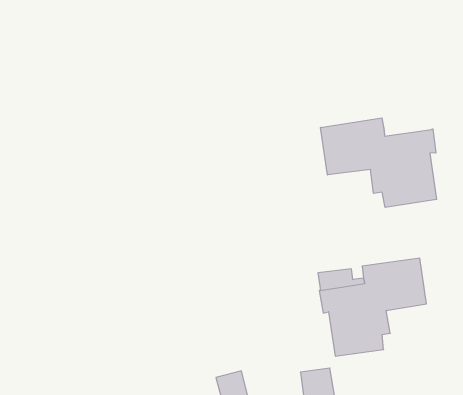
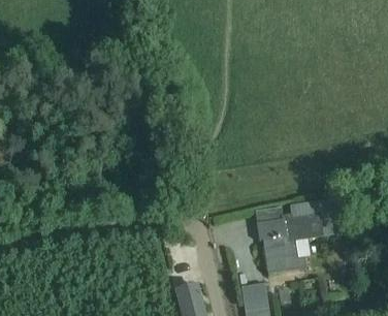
building: [321,118,437,207] -> none

